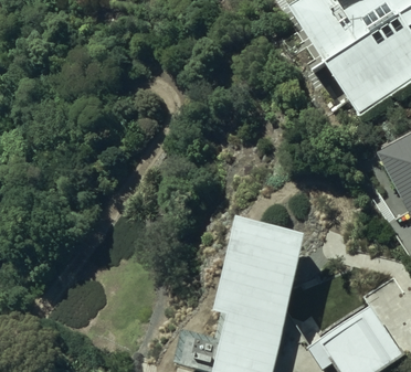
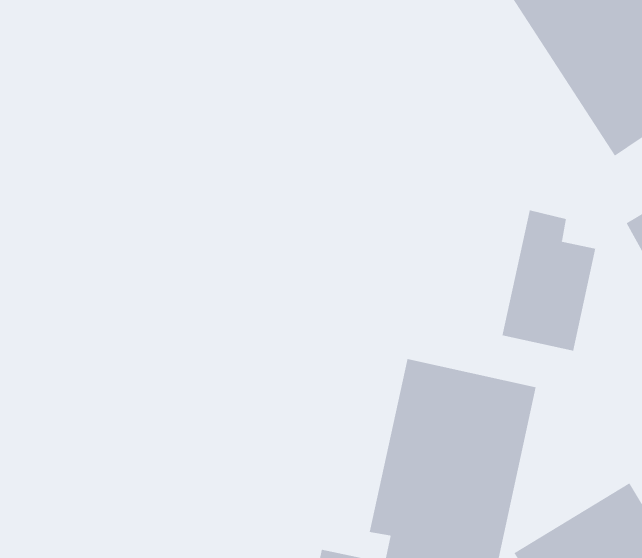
building: none -> [502,210,596,352]

